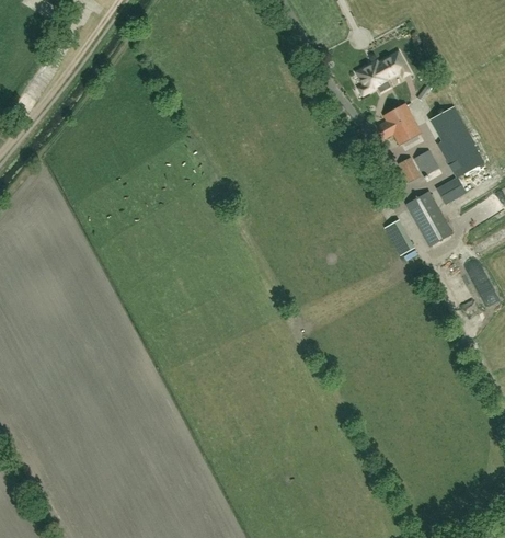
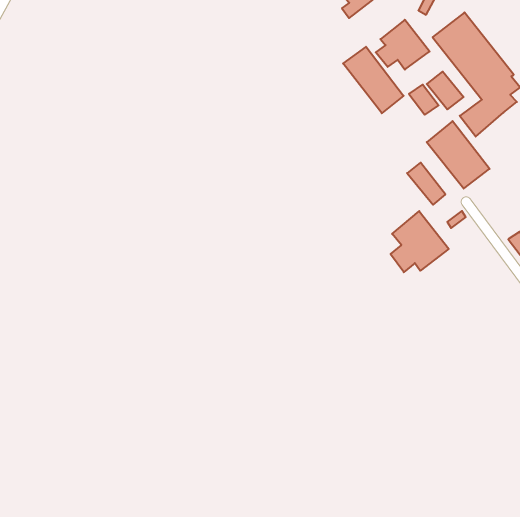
building: none -> [343,47,404,113]
building: none -> [391,211,449,272]

